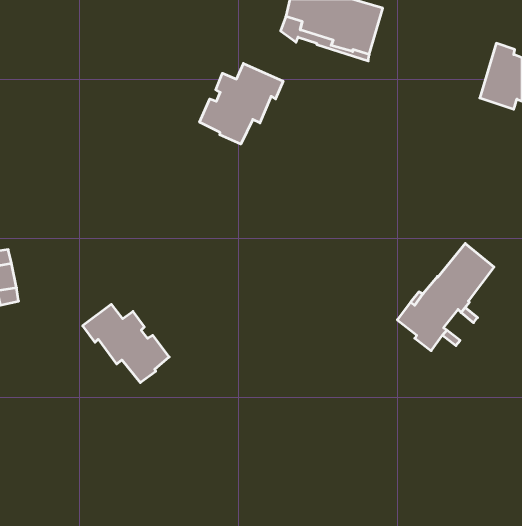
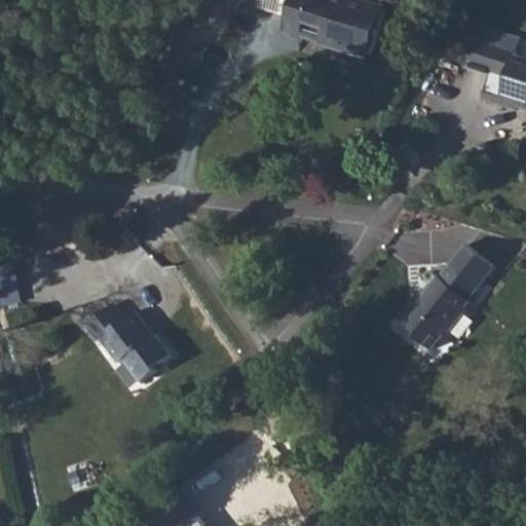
building: [200,63,283,144] -> none

